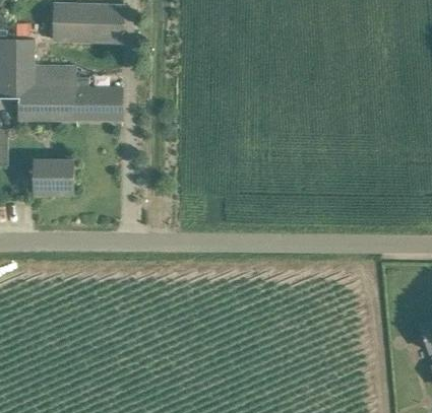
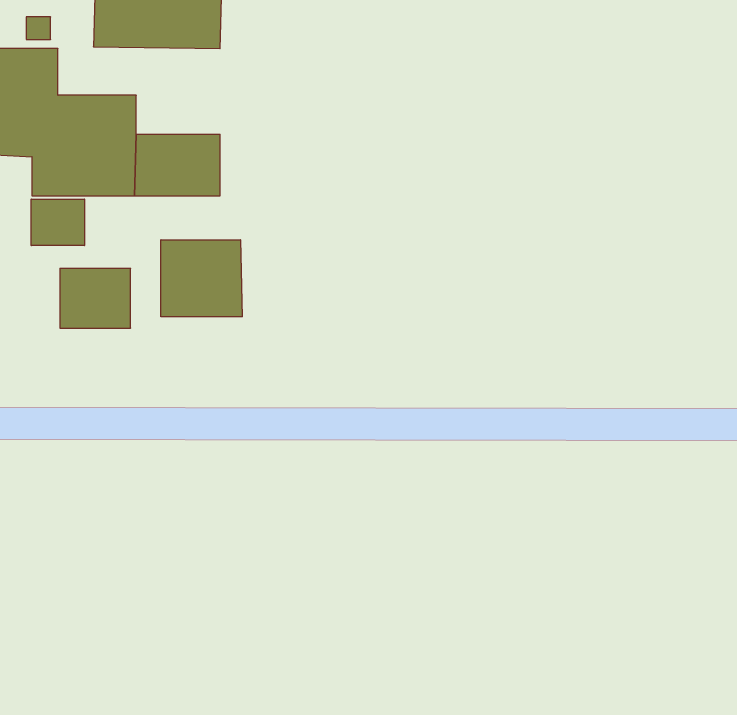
building: none -> [31,199,84,246]
building: none -> [161,240,242,317]

